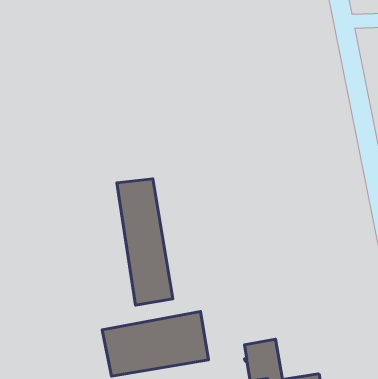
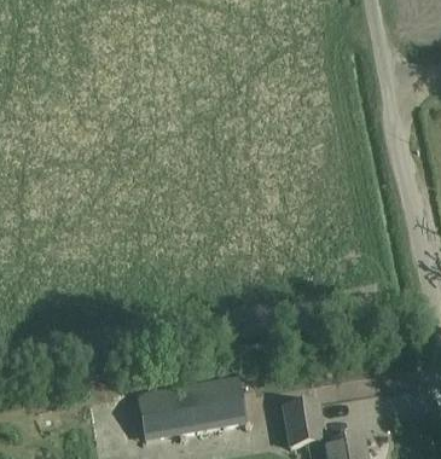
building: [117,179,173,305] -> none

